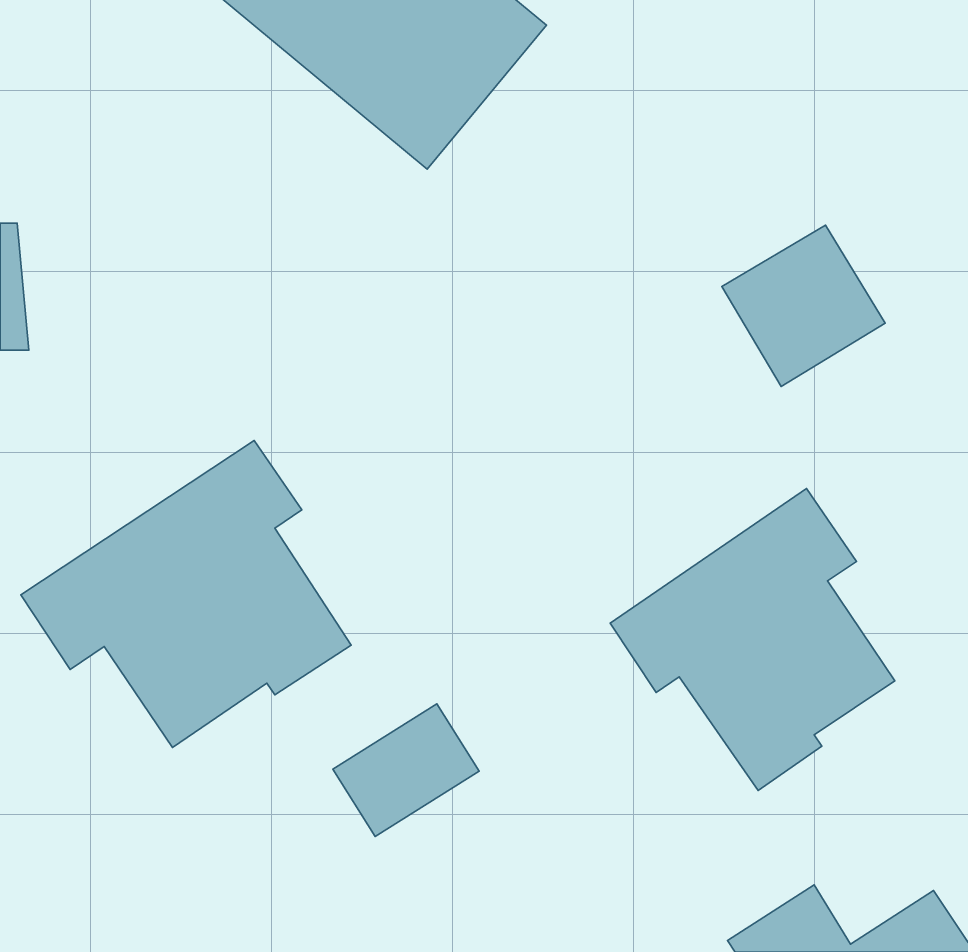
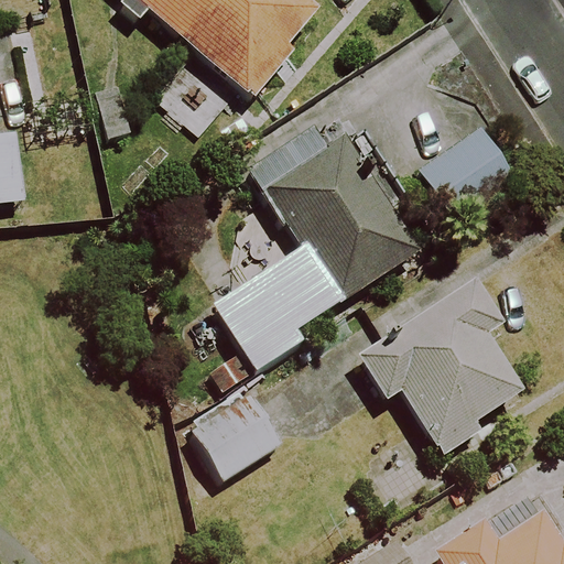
building: none -> [215,117,416,368]
building: [21,440,351,747] -> none

